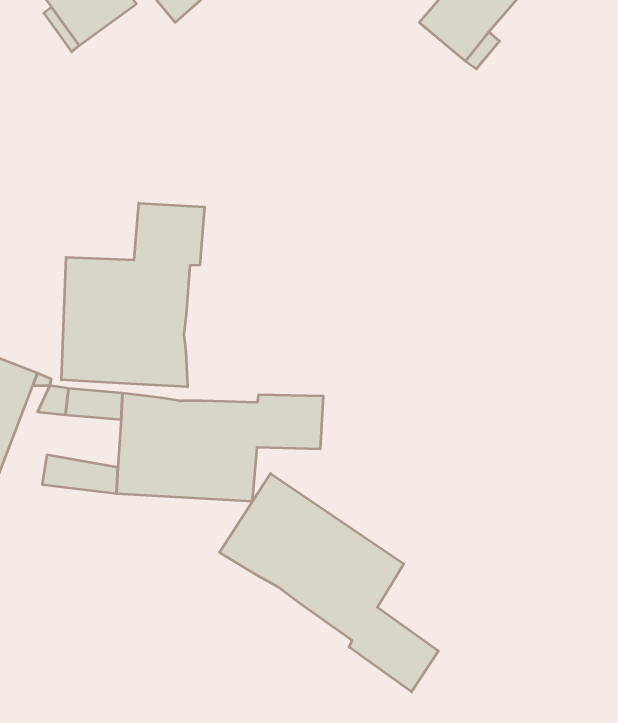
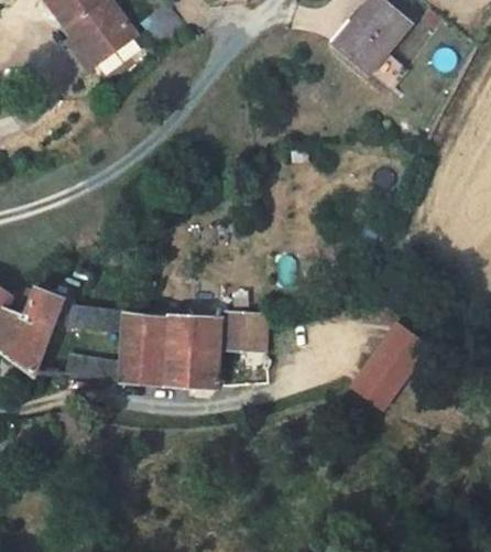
building: [61,203,205,387] -> none
building: none -> [350,322,429,410]
building: [219,473,438,692] -> none

